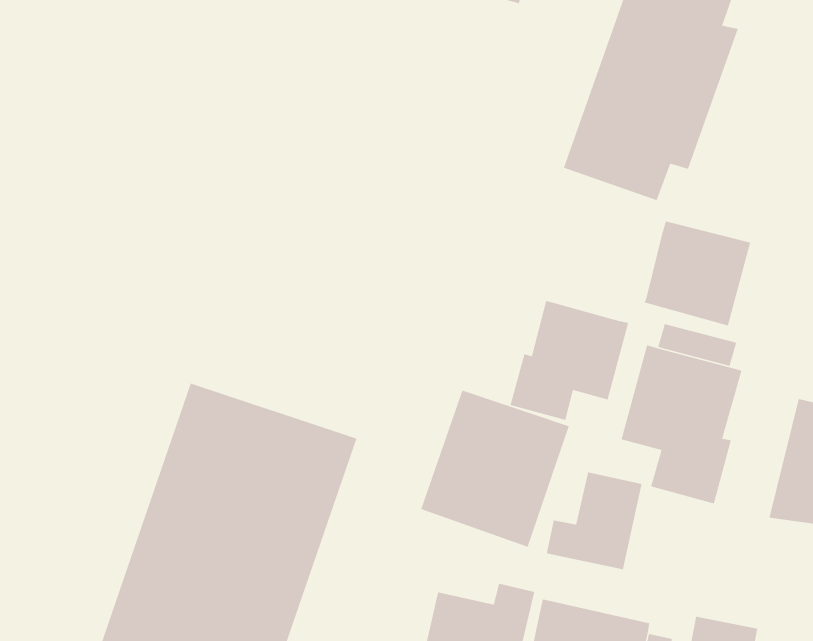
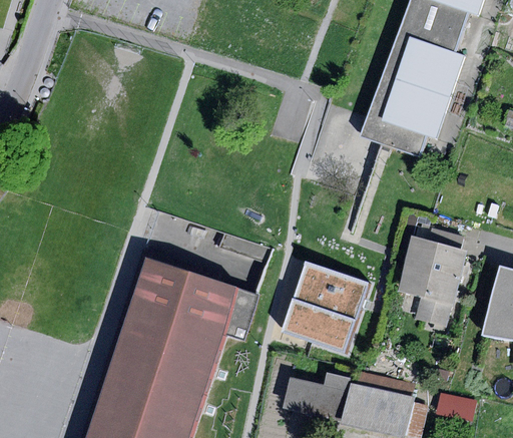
building: [643,221,751,326] -> none
building: [510,300,629,421] -> none
building: [546,472,643,570] -> none

